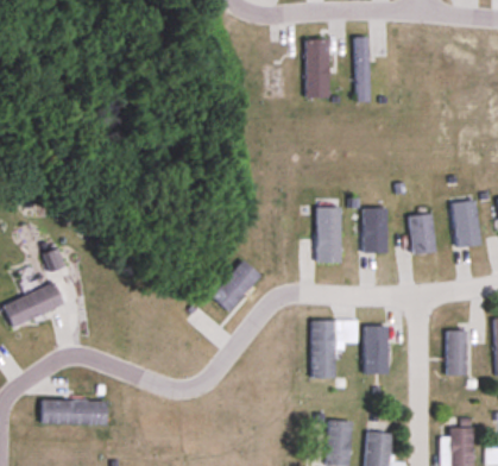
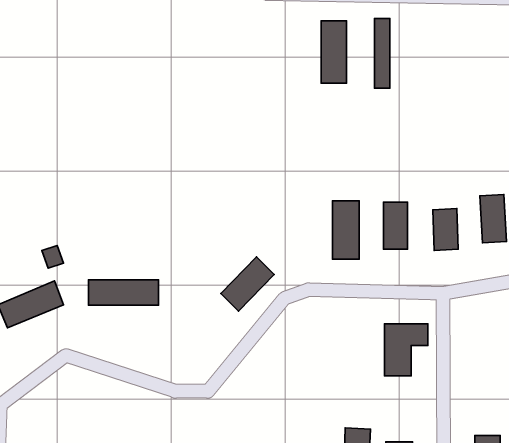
building: [311,321,358,379] -> none
building: [447,332,466,376] -> none
building: [42,399,107,423] -> [89,280,158,305]

